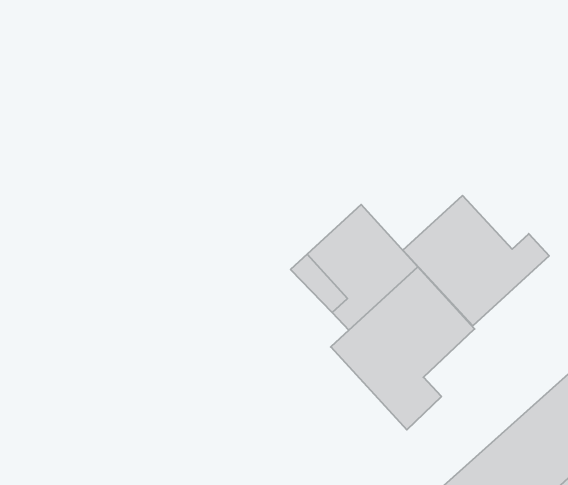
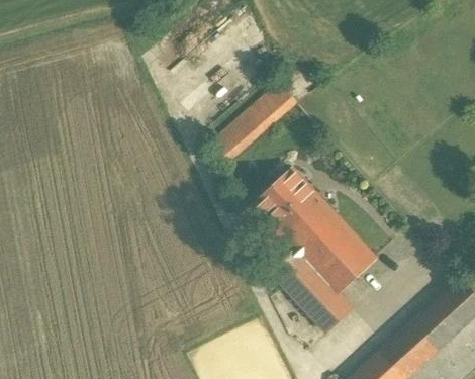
building: none -> [214,82,299,160]
building: [403,196,549,326] -> none

